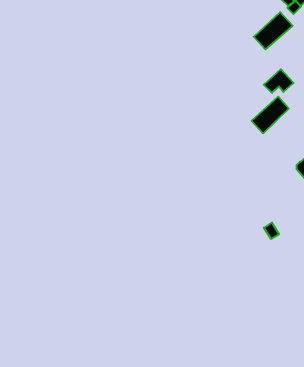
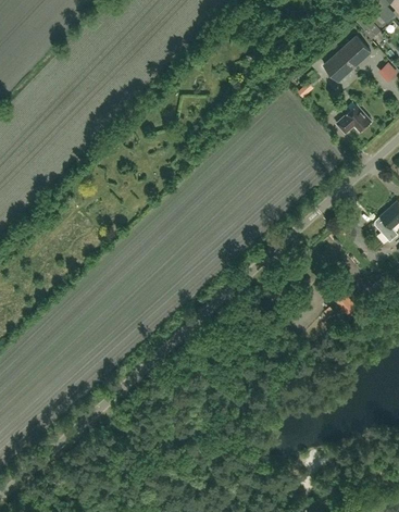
building: [252,97,289,133] -> none

